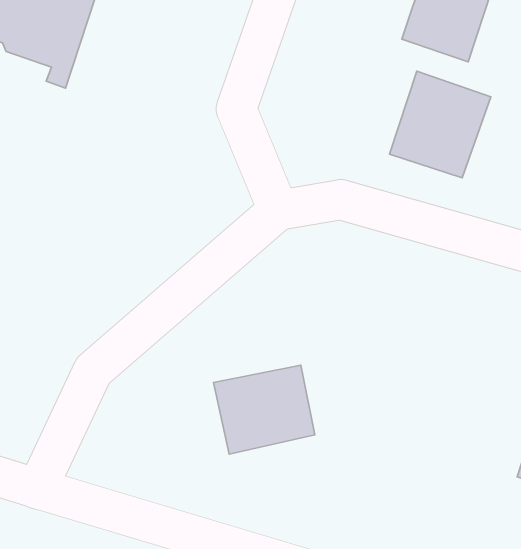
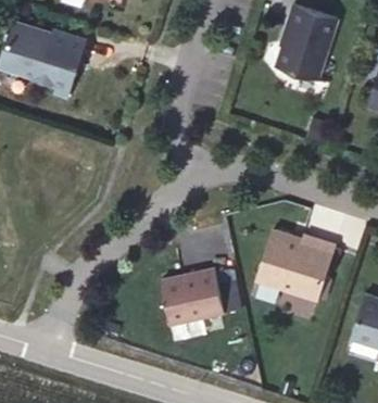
building: [390,71,491,178] -> none
building: none -> [255,230,335,301]

